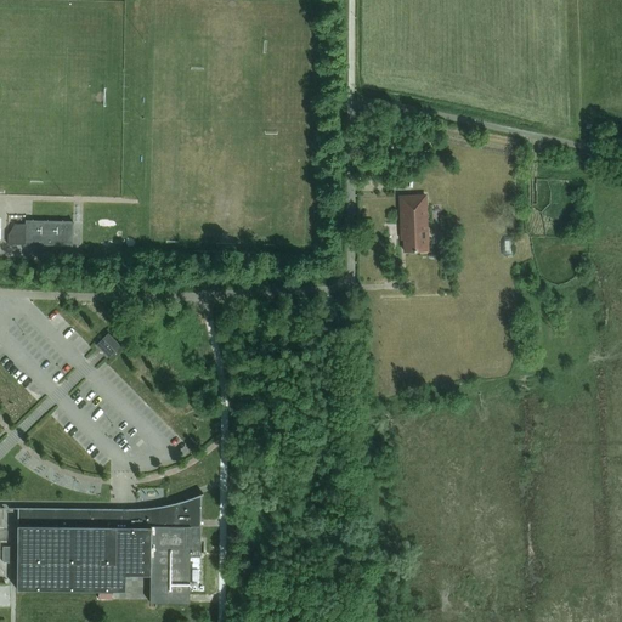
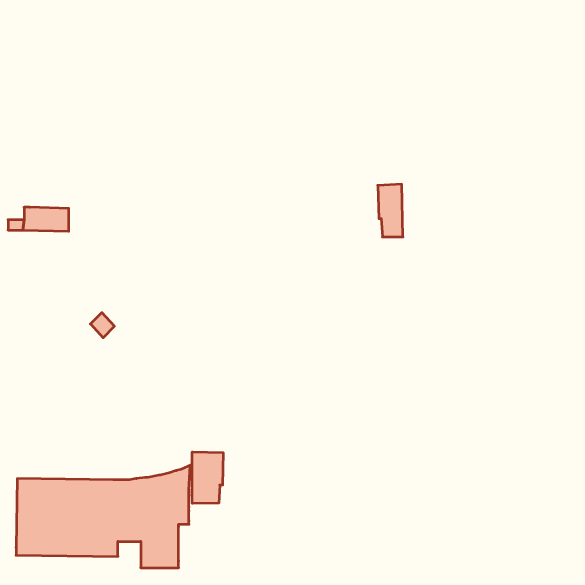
building: none -> [192,452,223,503]

